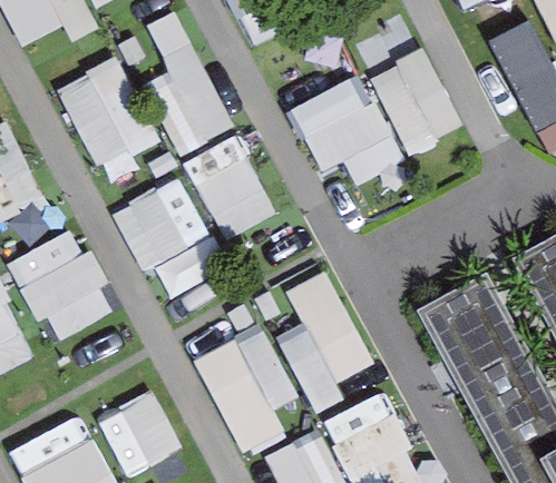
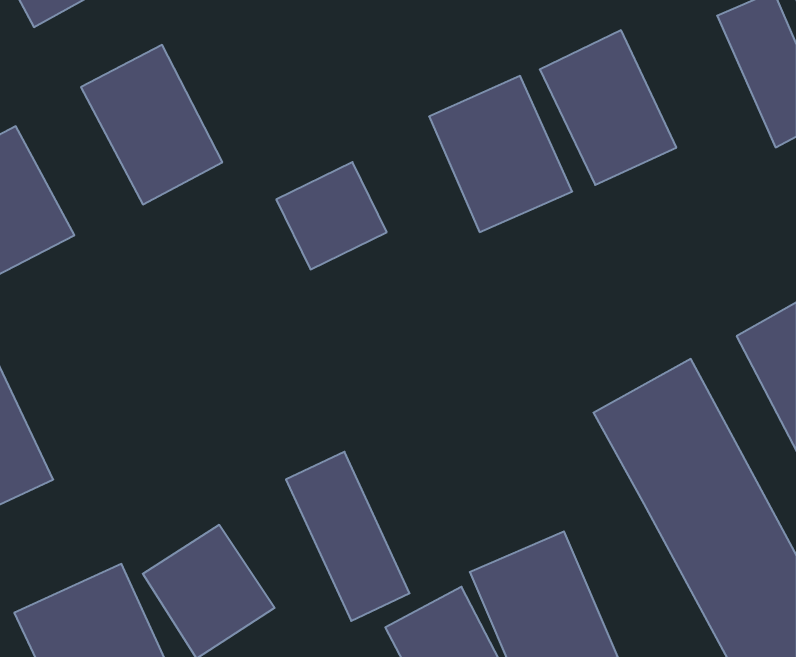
building: [148,51,248,152] -> none
building: [114,179,205,269] -> none
building: [11,226,119,343] -> none
building: [280,269,375,400] -> none

